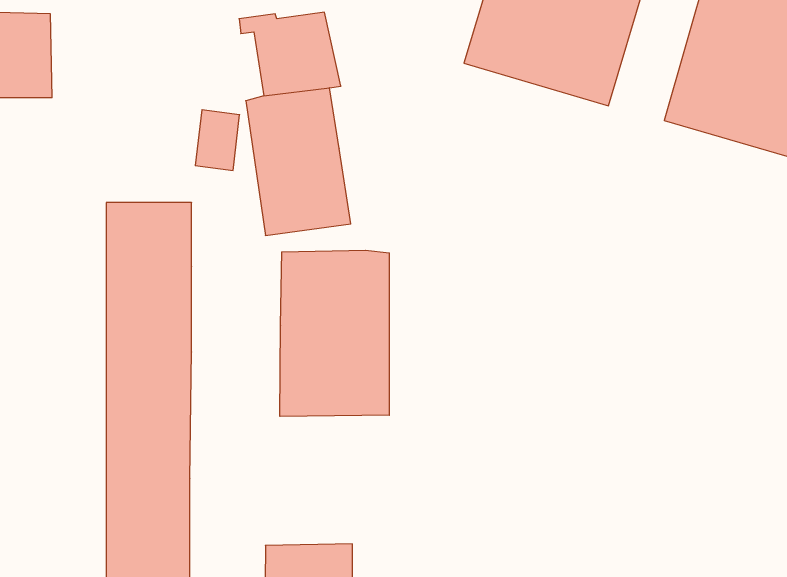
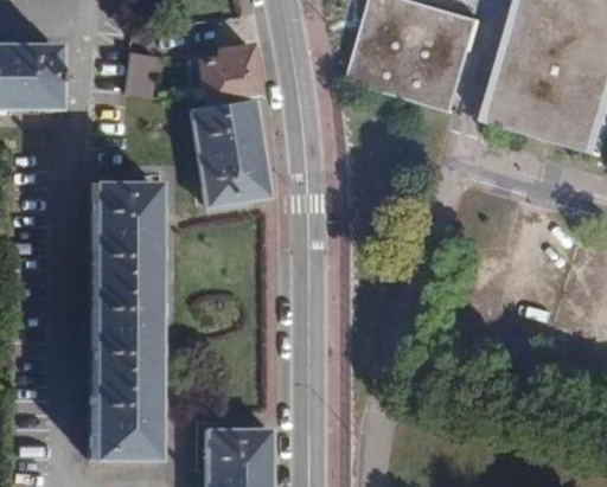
building: [195,110,240,170] -> [128,53,160,97]
building: [280,250,389,416] -> none

